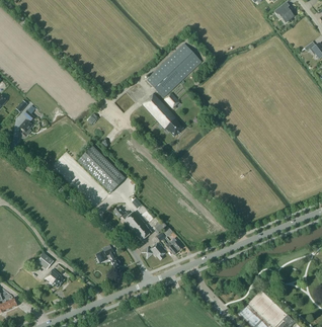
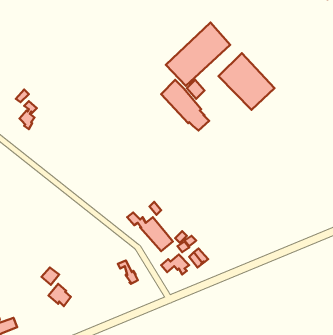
building: none -> [218,53,275,110]
building: [78,145,126,192] -> none

